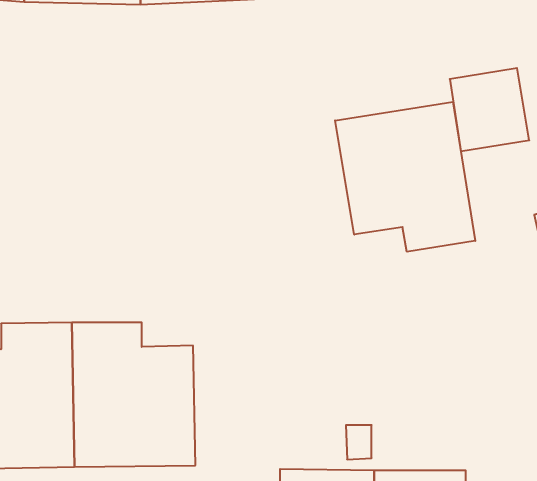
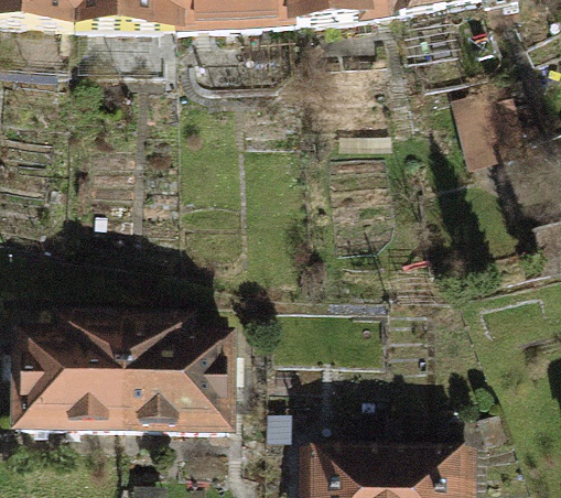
building: [335,102,475,252] -> none

